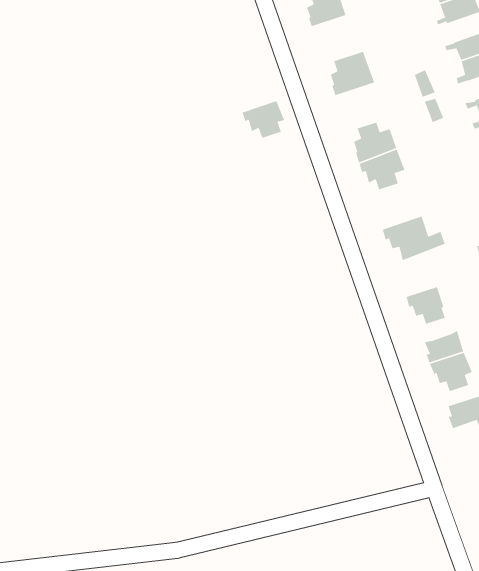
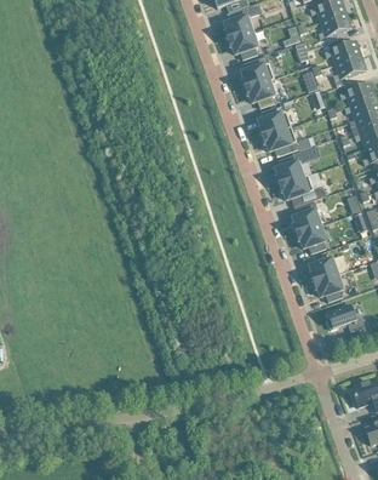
building: none -> [229,30,259,59]
building: [242,100,285,139] -> [246,80,277,108]
building: none -> [276,155,305,184]
building: none -> [293,202,322,233]

